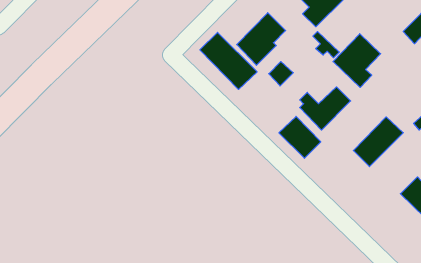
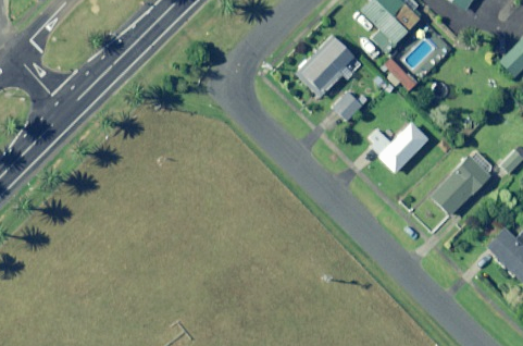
building: [200,32,257,89] -> none
building: [333,34,381,87] -> none
building: [279,116,321,158] -> none

